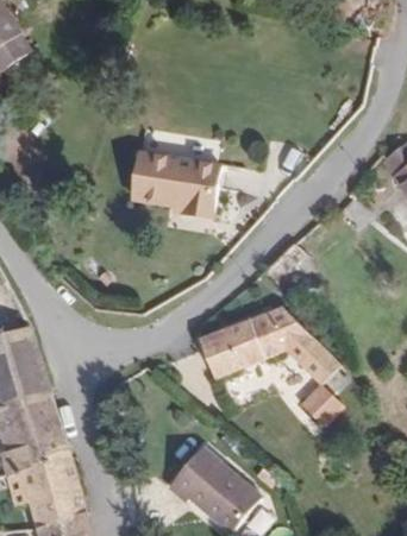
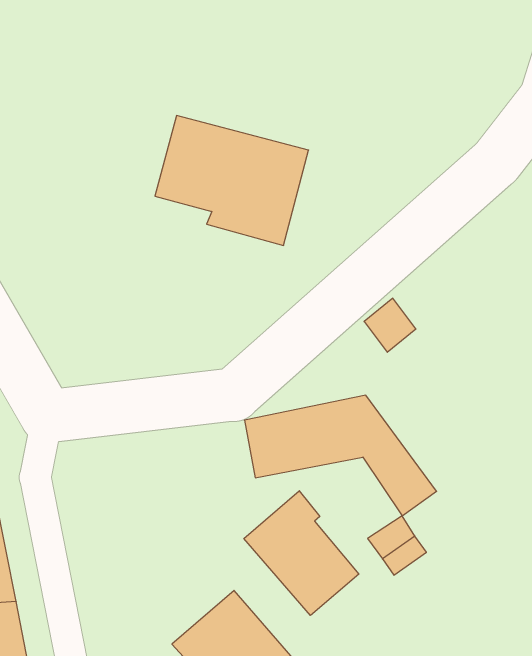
building: none -> [244,491,359,615]

